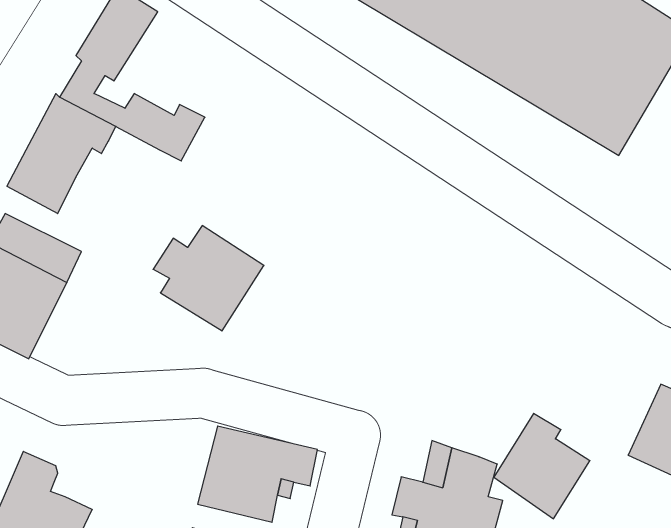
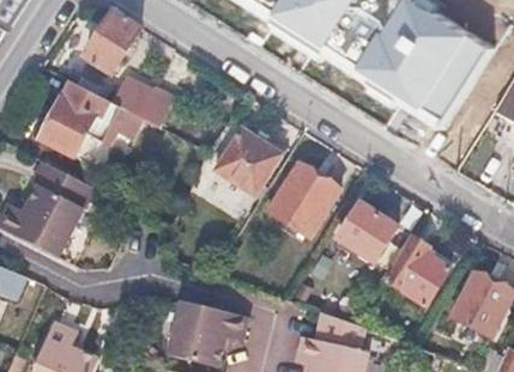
building: none -> [86,104,141,147]
building: none -> [267,163,339,237]
building: [153,226,264,331] -> [208,128,282,197]
building: none -> [337,202,398,262]
building: [494,413,590,519] -> [386,237,449,306]

